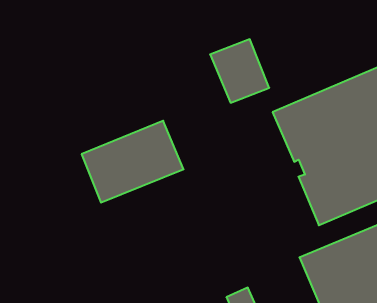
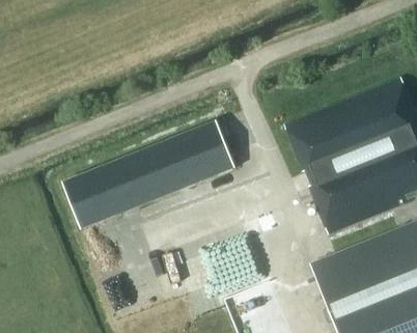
building: [210,39,269,103] -> [178,118,235,179]
building: none -> [62,165,118,226]

